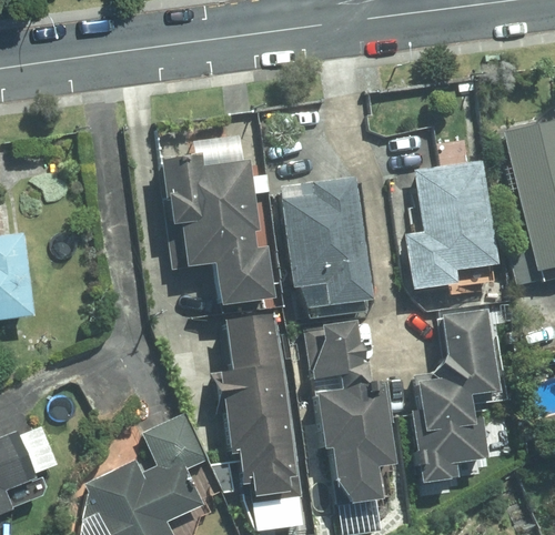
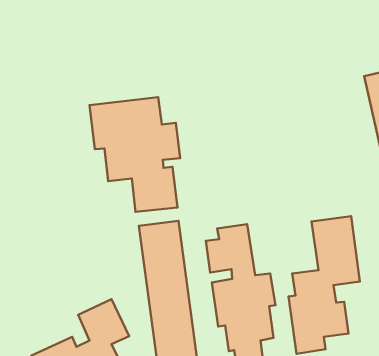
building: [405,161,497,289] -> none
building: [280,176,370,305] -> none

